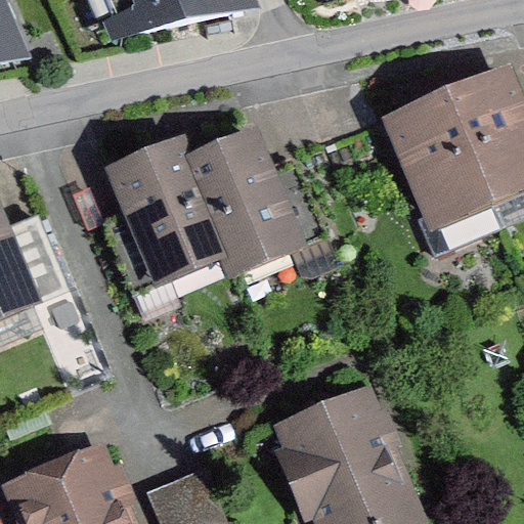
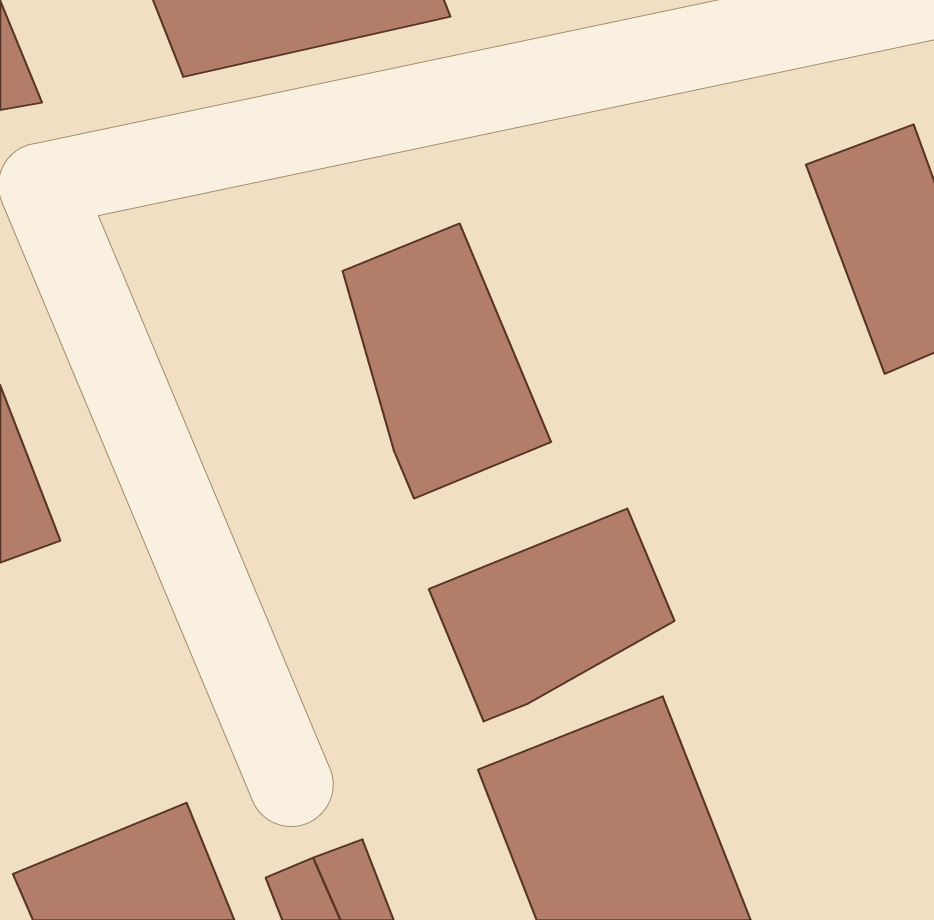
building: [381,92,495,235] -> none
building: [104,132,221,280] -> none
building: none -> [429,508,674,722]

